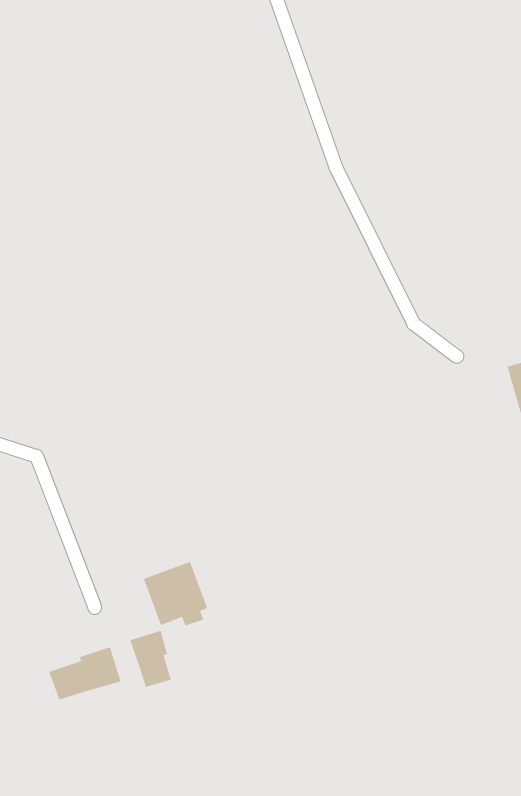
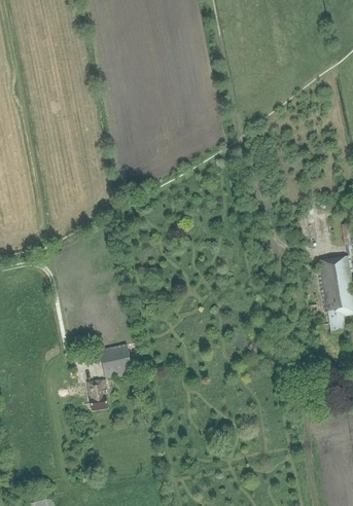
building: [48,646,122,701] -> none

